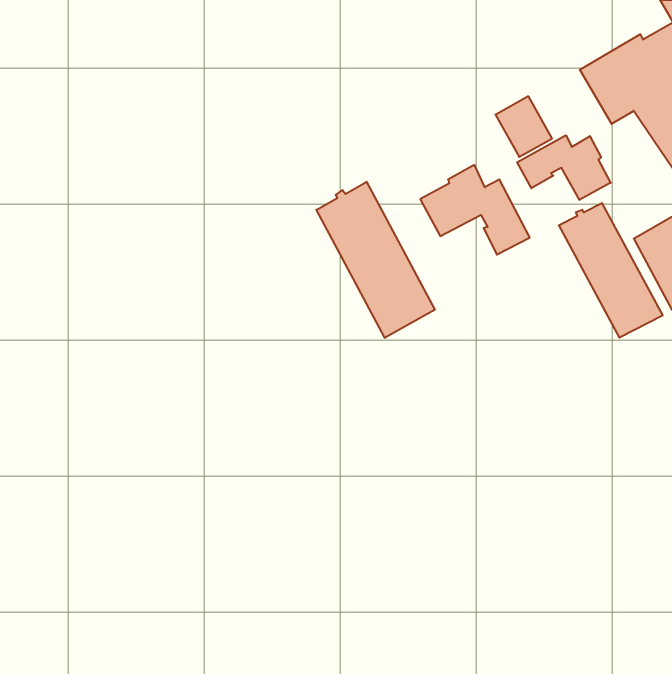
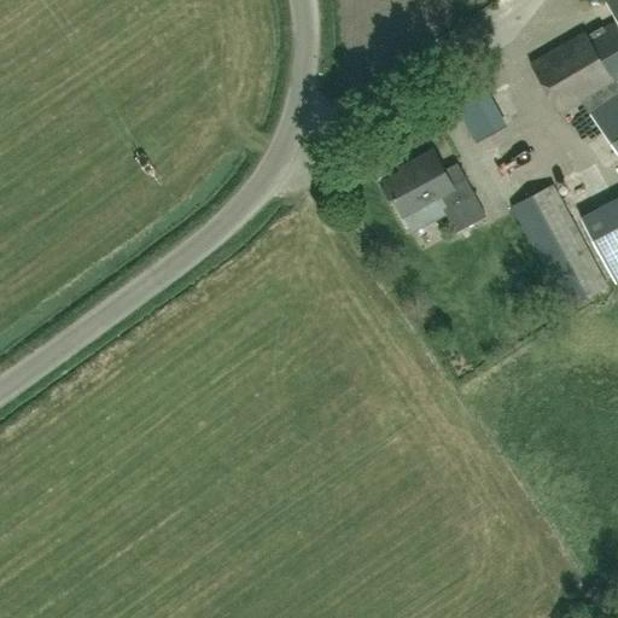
building: [517,135,611,200] -> none
building: [316,182,435,338] -> none

